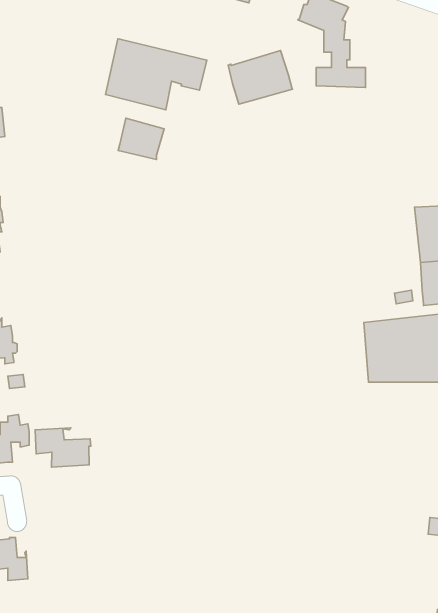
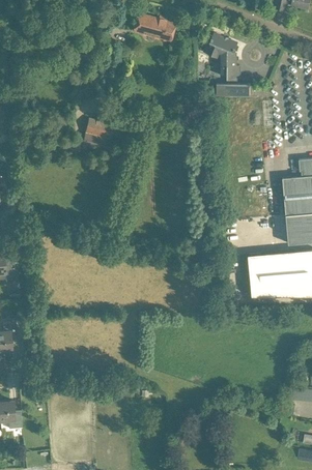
building: [106,39,207,110] -> none
building: [228,51,292,104] -> none
building: [35,428,91,467] -> none

